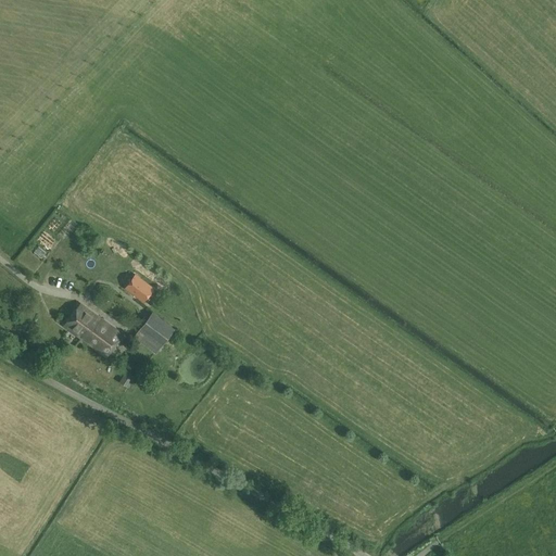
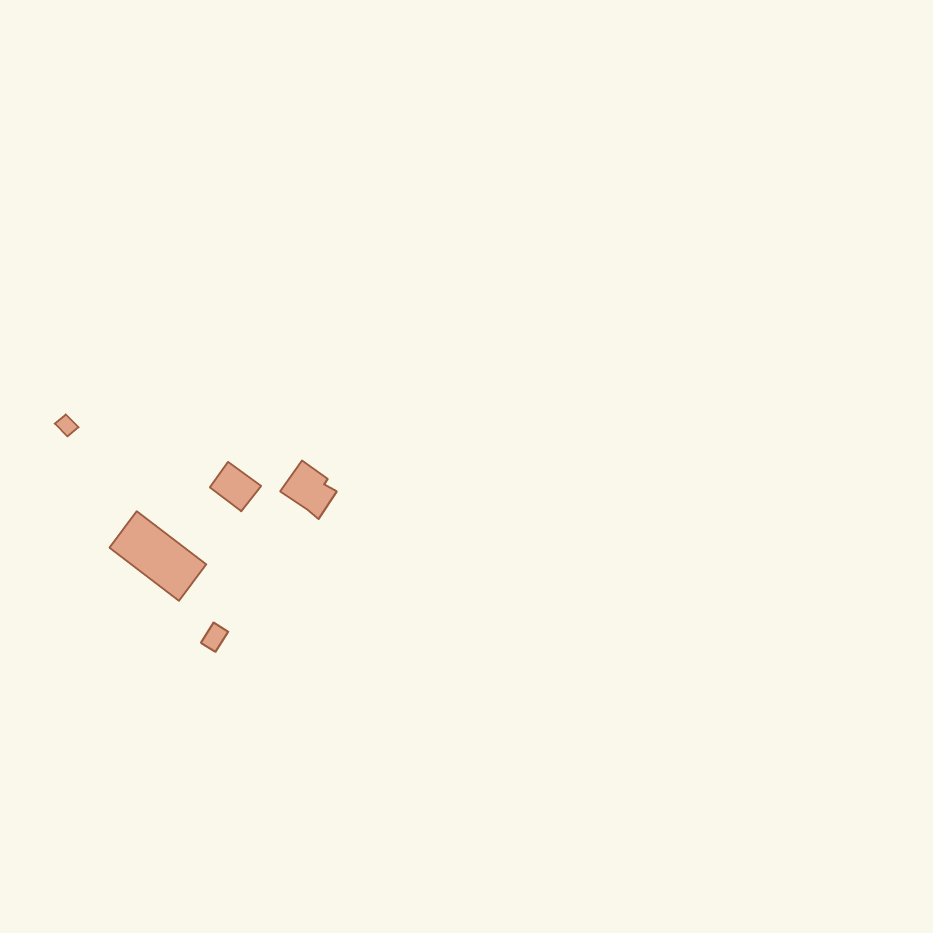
building: [137,313,170,348] -> [280,461,337,519]

